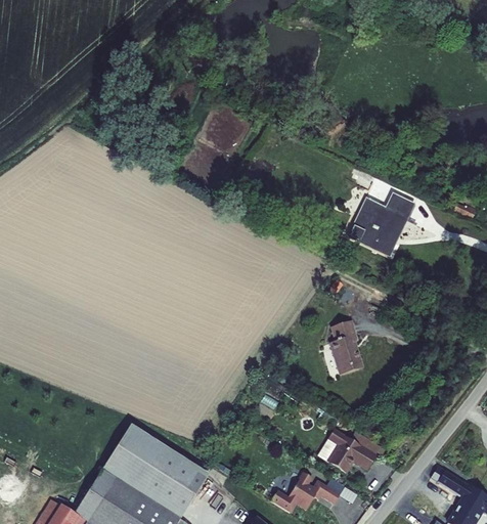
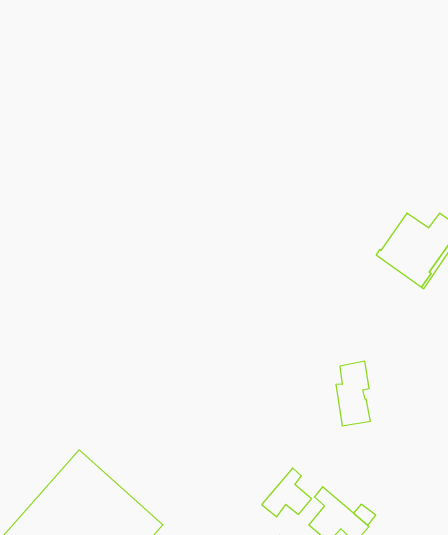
building: none -> [262,468,312,517]

